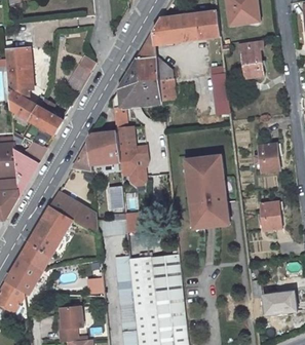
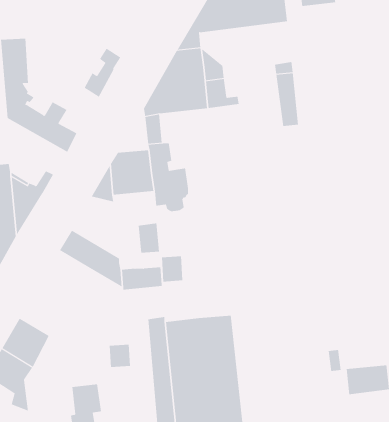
building: [234,41,263,82] -> none
building: [258,143,279,171] -> none
building: [186,155,229,228] -> none
building: [260,201,281,230] -> none
building: [20,206,72,270] -> none

